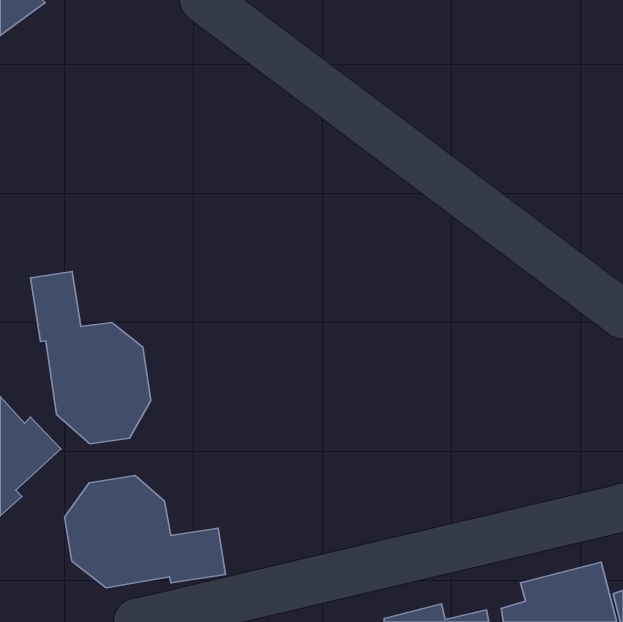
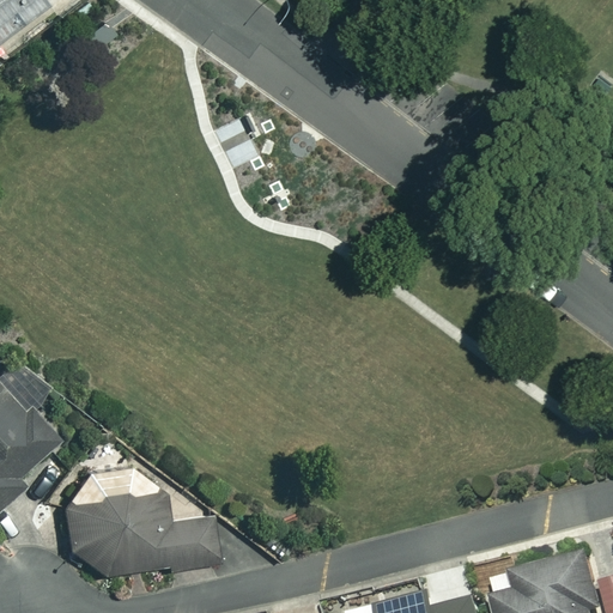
building: [31,272,151,444] -> none

